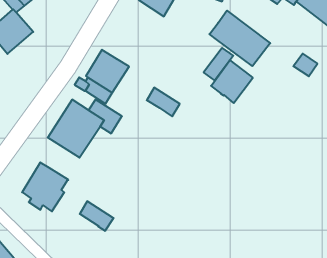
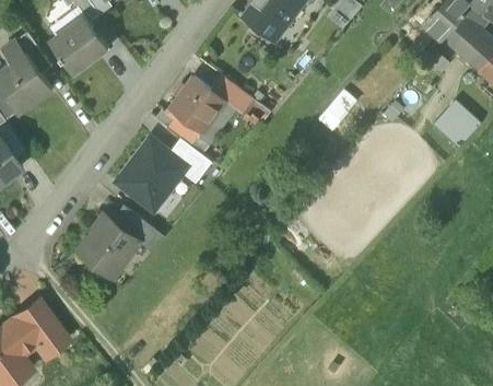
building: [209,11,270,66] -> none
building: [211,60,253,103] -> none
building: [147,88,180,116] -> [211,75,253,114]
building: [80,201,114,231] -> [115,207,157,246]

